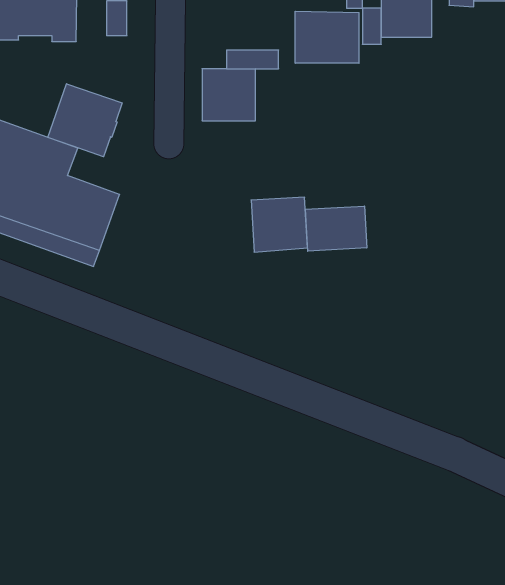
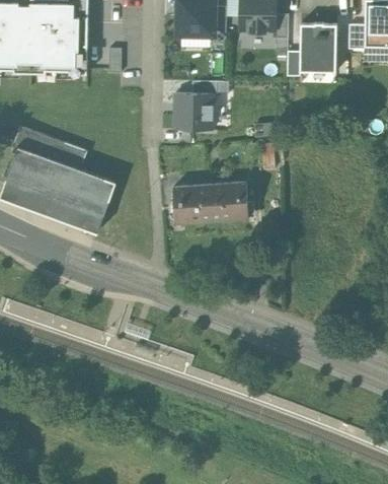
building: [295,11,359,63] -> none
building: [48,84,122,157] -> none
building: none -> [172,187,210,225]
building: [305,206,367,251] -> none

